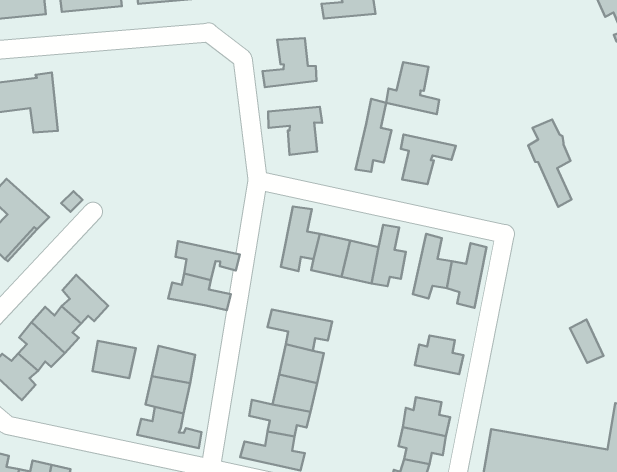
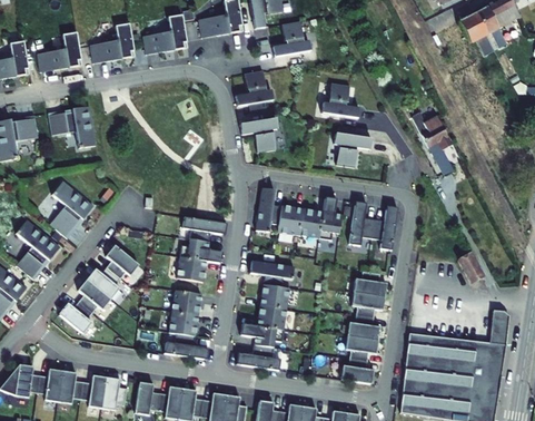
building: [356,99,391,172] -> none
building: [93,341,136,378] -> [177,256,206,281]
building: none -> [351,292,384,316]

